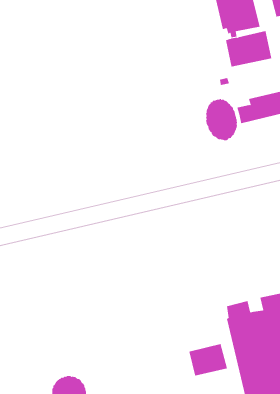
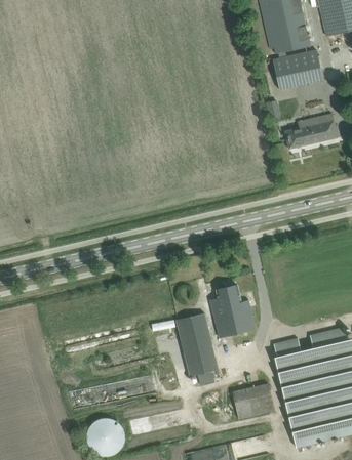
building: [205,98,237,141] -> none
building: none -> [209,284,256,337]
building: none -> [177,311,217,384]

